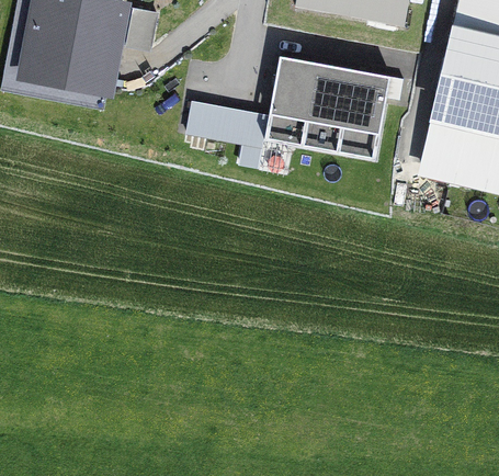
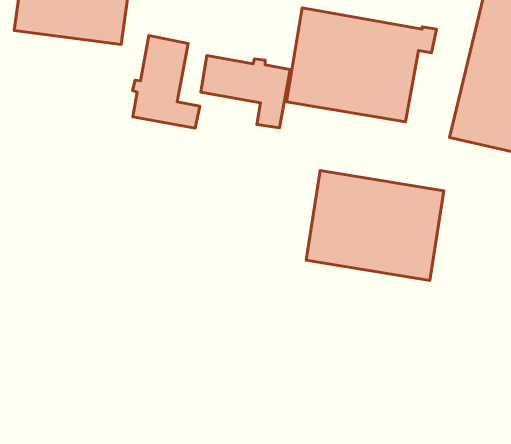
building: none -> [133,35,200,128]
building: none -> [306,170,444,281]

